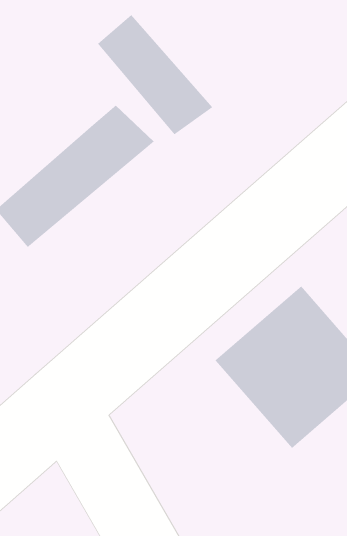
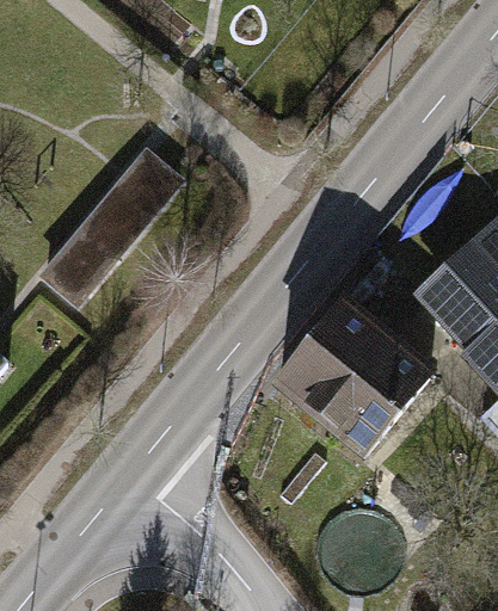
building: [97,14,213,135] -> none

